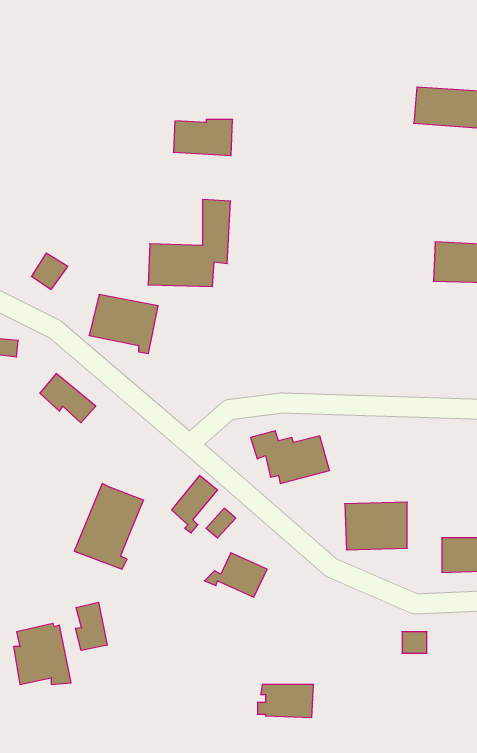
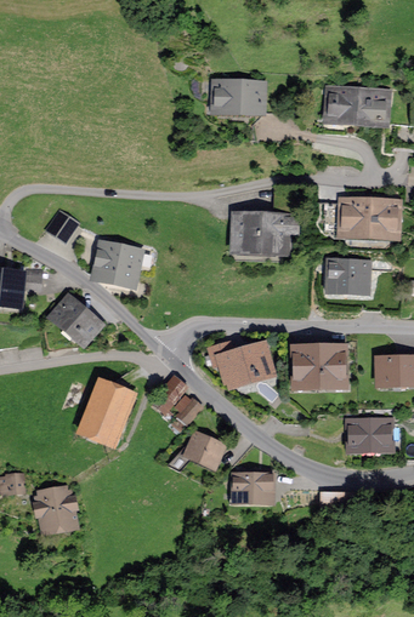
building: [173,119,233,156] -> [217,85,261,112]
building: [148,199,231,287] -> [237,185,297,250]
building: none -> [331,264,367,292]
building: [345,502,407,550] -> [296,349,342,384]
building: [75,602,107,650] -> none
building: [257,685,313,717] -> [229,476,271,501]

